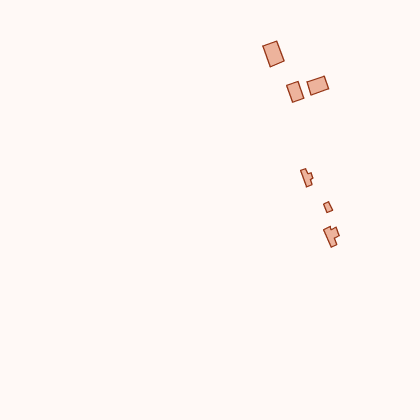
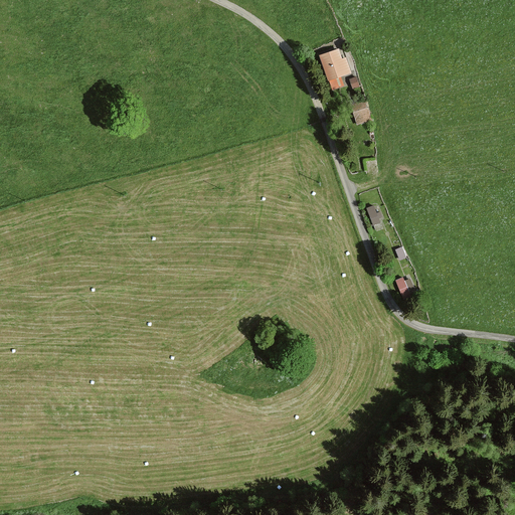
building: [307,76,329,95] -> none

